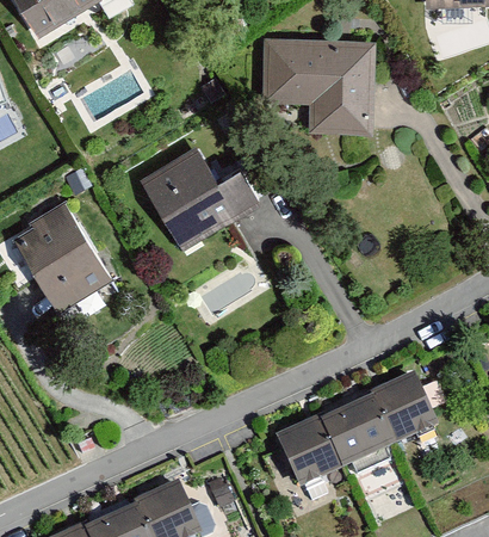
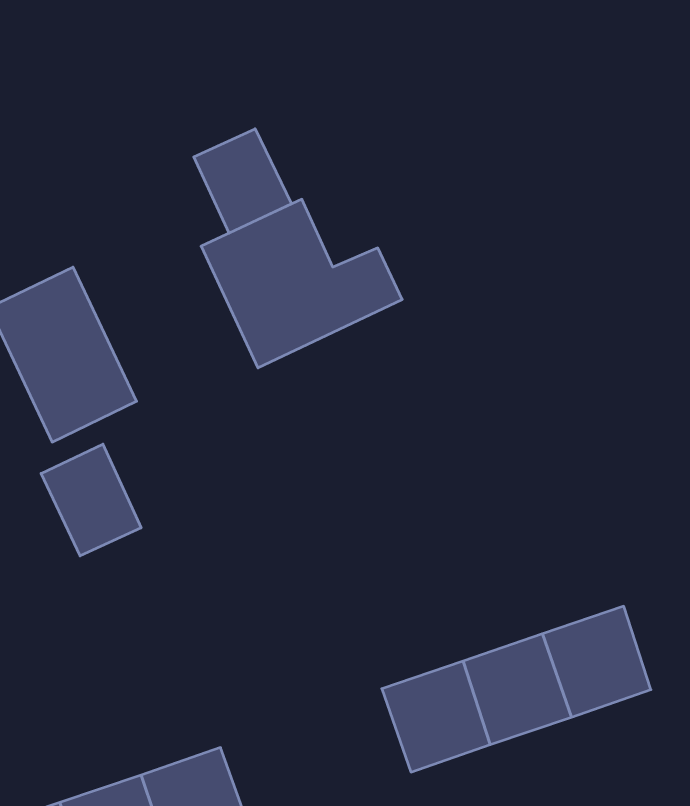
building: [258,38,377,130] -> none
building: none -> [194,129,291,233]
building: none -> [41,444,141,556]

